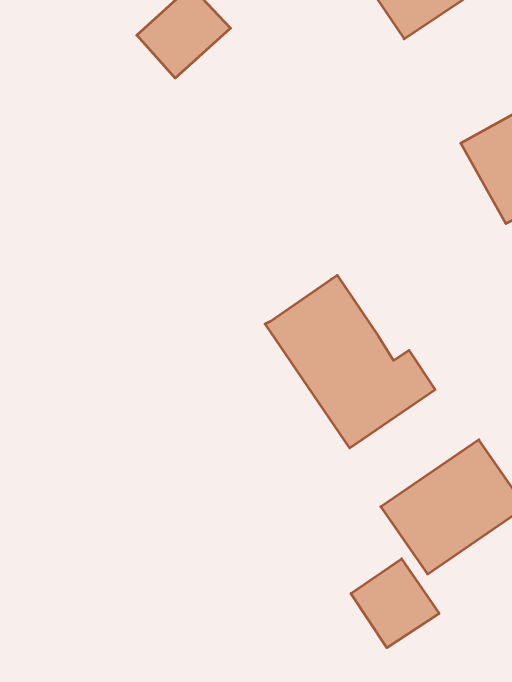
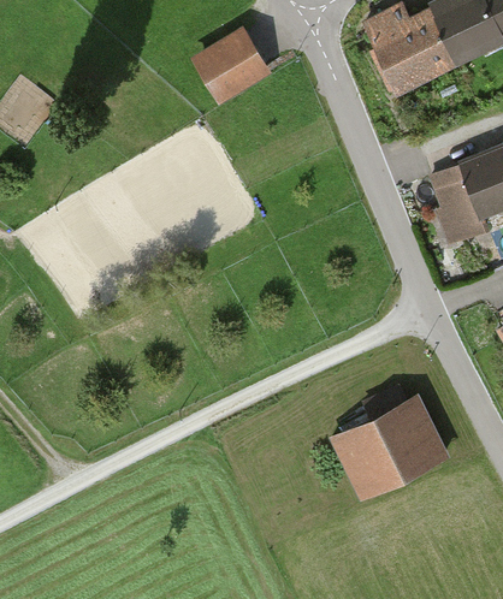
building: [265,275,435,448] -> none
building: [351,559,439,648] -> none

